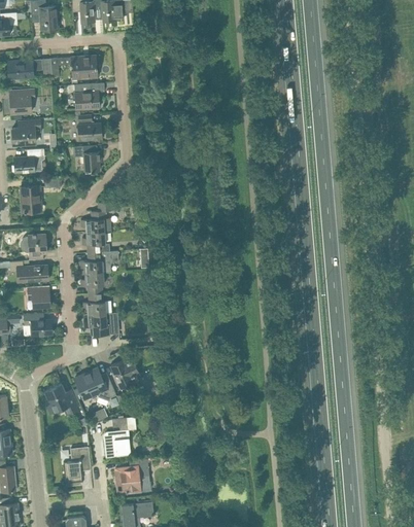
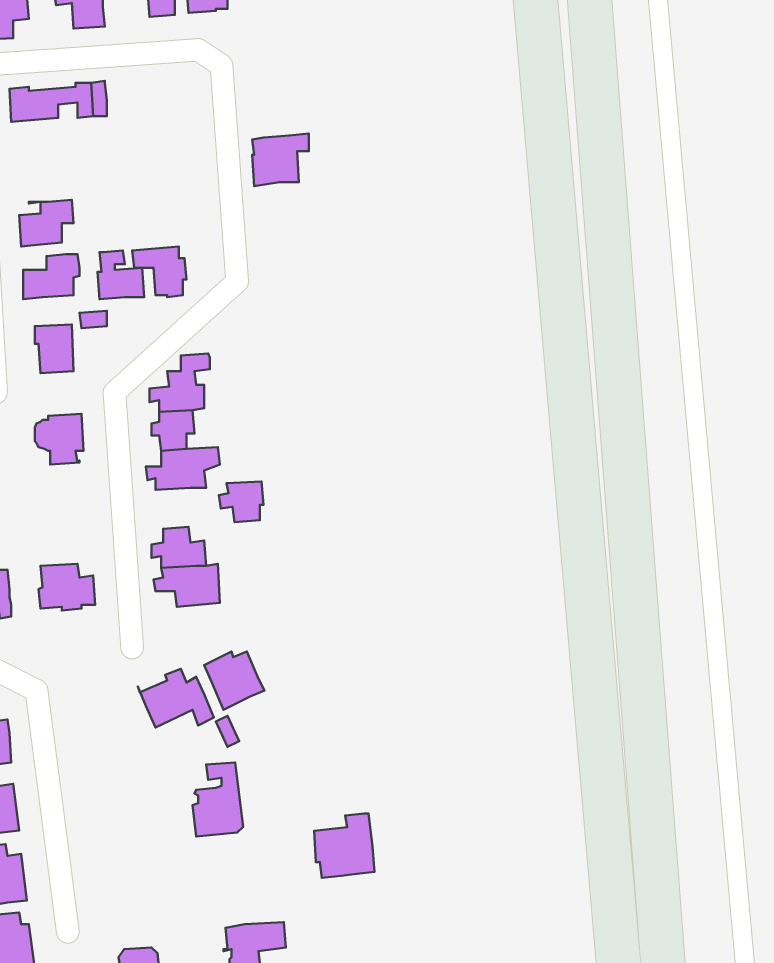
building: [71,56,97,78] -> none
building: [74,82,104,110] -> [252,133,309,186]
building: [9,90,34,114] -> none
building: [77,114,102,140] -> [97,250,144,299]
building: [9,260,48,282] -> none
building: [80,273,104,294] -> [219,481,264,522]
building: [27,286,50,308] -> none
building: [45,384,78,414] -> none
building: [63,447,91,486] -> none
building: [118,459,150,493] -> [314,813,374,878]

